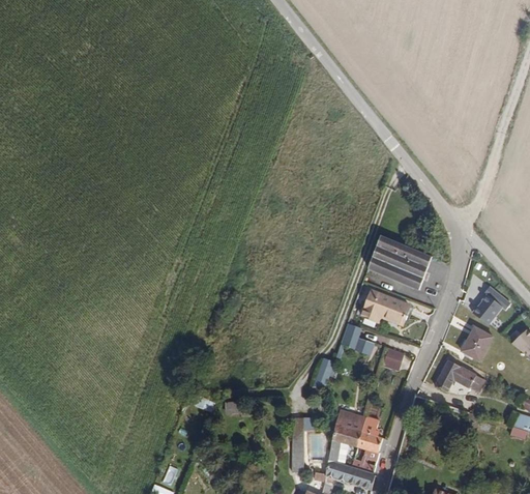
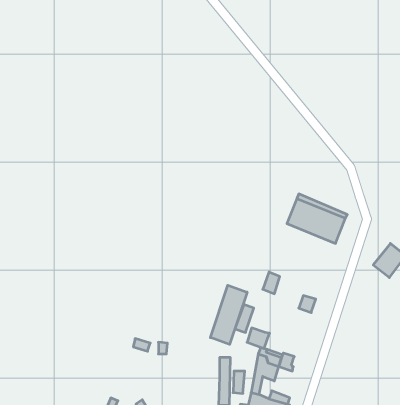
building: [363,289,412,325] -> none
building: [458,323,490,357] -> none
building: none -> [210,285,247,344]
building: [433,360,479,389] -> none
building: [356,431,382,455] -> [247,328,270,349]

